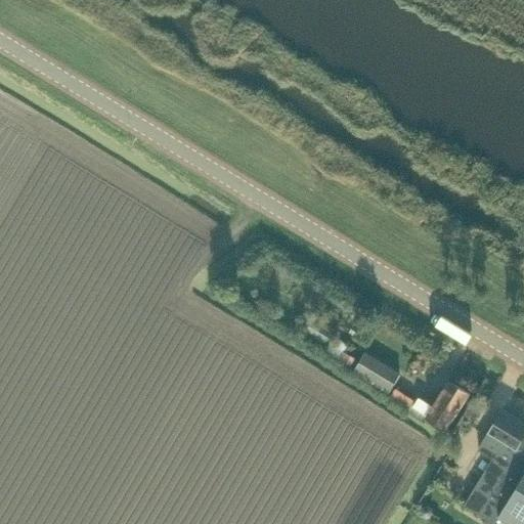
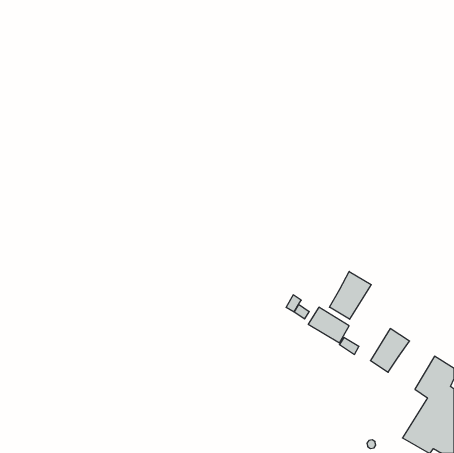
building: none -> [329,271,371,319]

